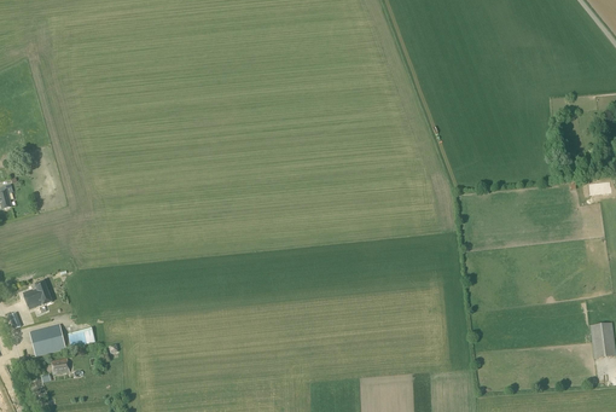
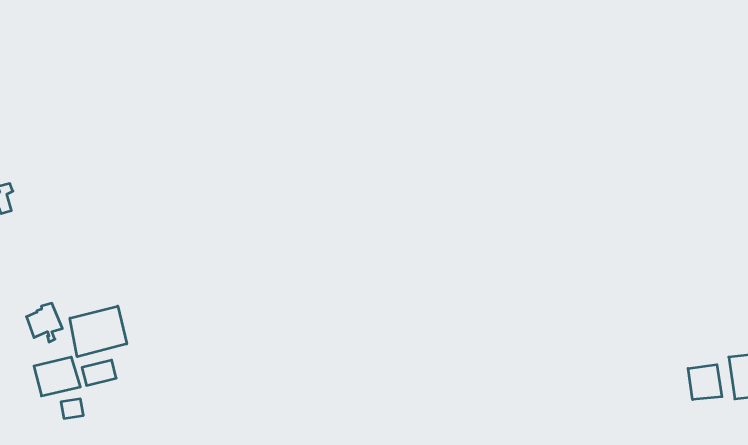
building: none -> [70,306,127,357]
building: none -> [688,365,722,400]

